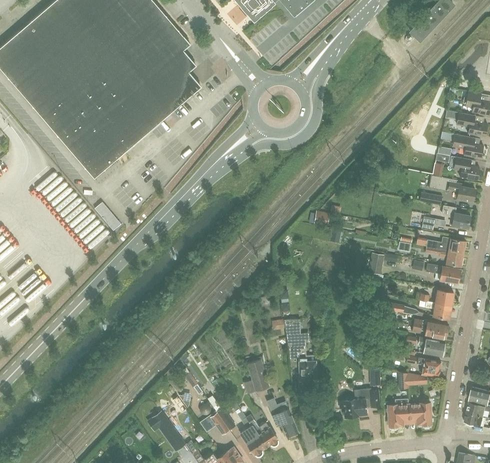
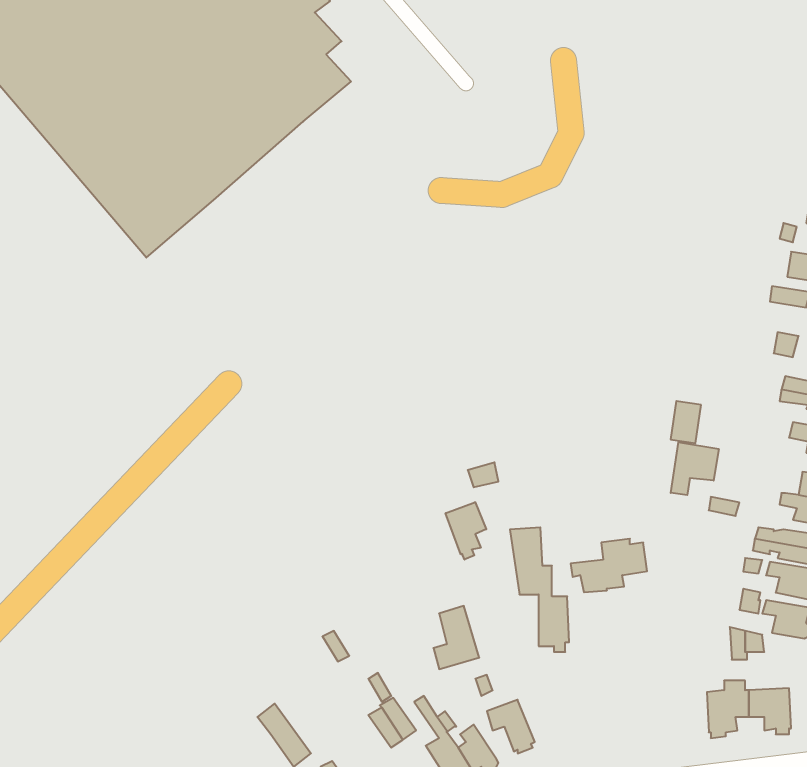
building: none -> [671,442,719,495]
building: none -> [446,502,486,560]
building: [339,388,379,416] -> [571,539,647,592]

